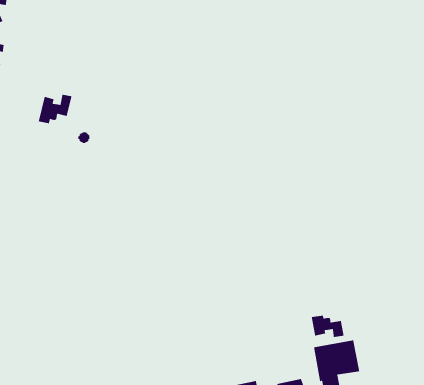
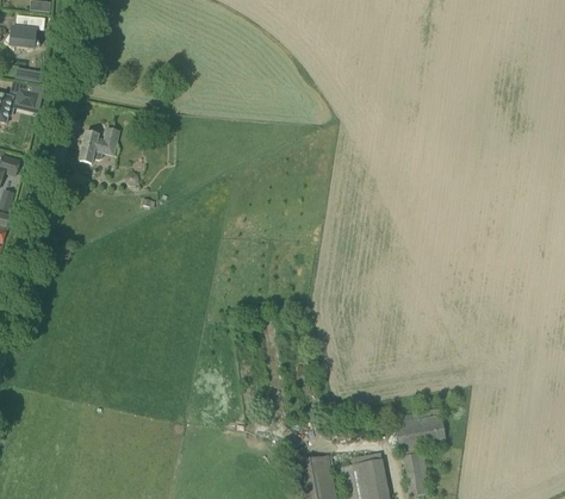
building: [311,315,345,338] -> none

